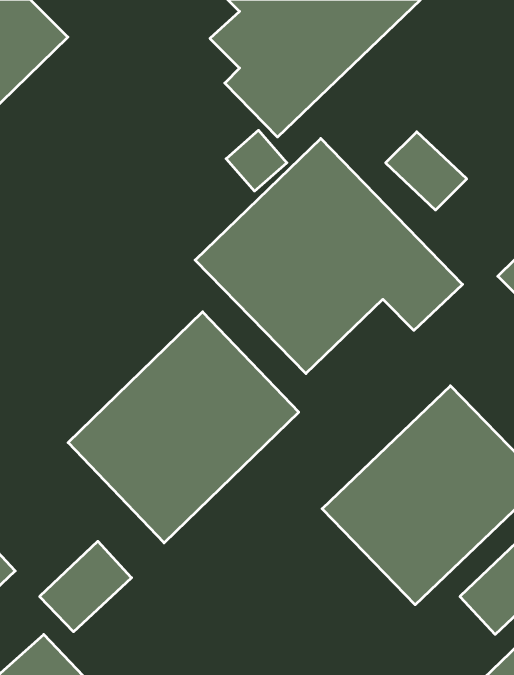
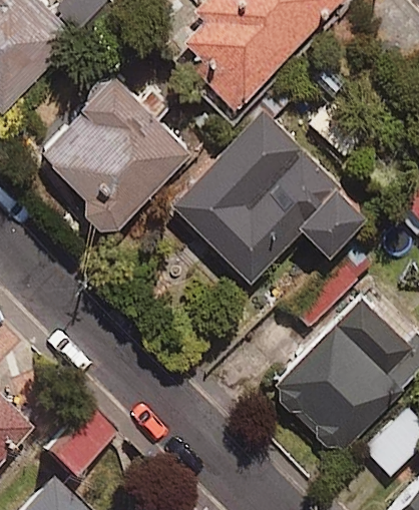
building: none -> [31,72,189,230]
building: [68,312,299,543] -> none

